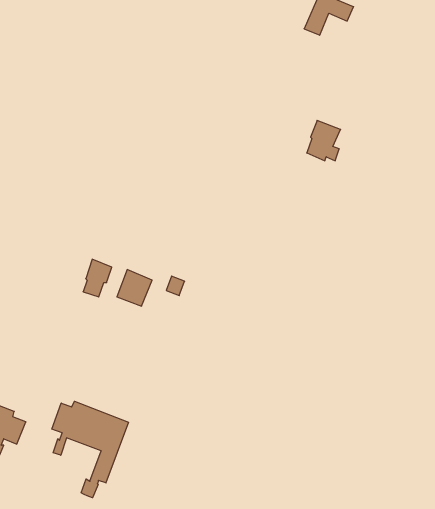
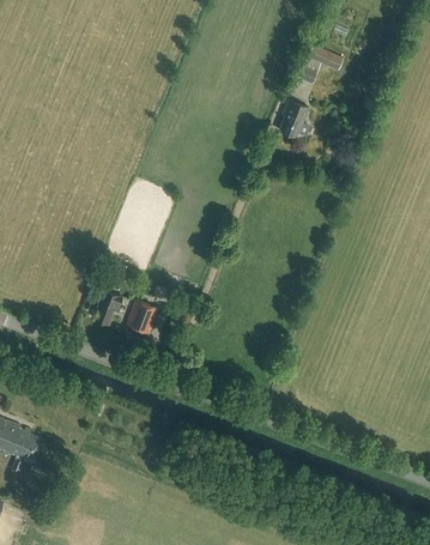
building: [307,120,341,161] -> [279,99,310,137]
building: [52,401,129,498] -> none

